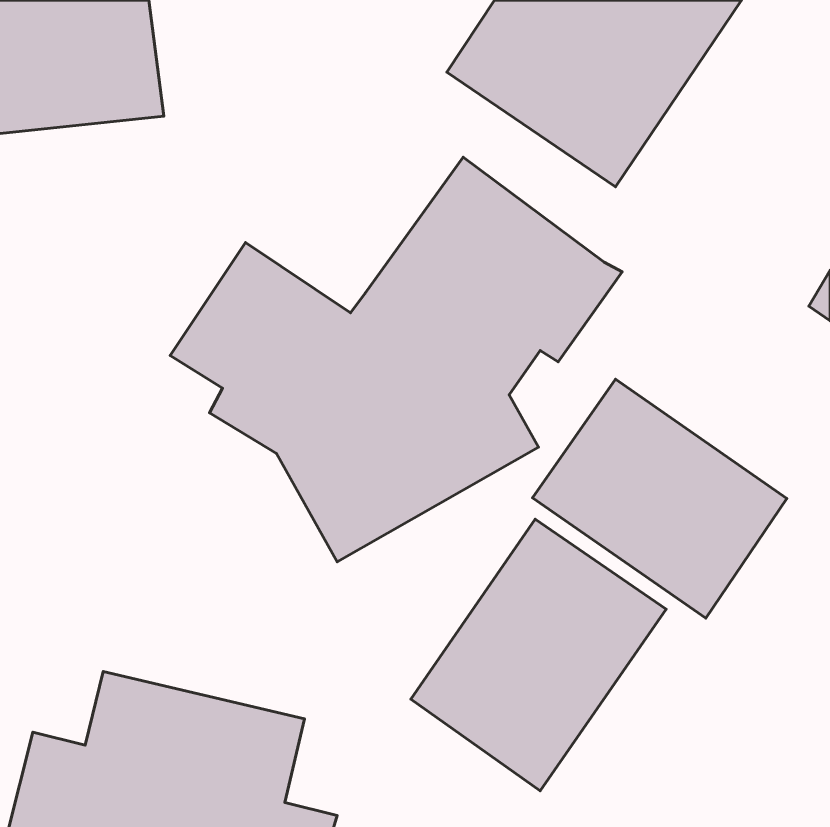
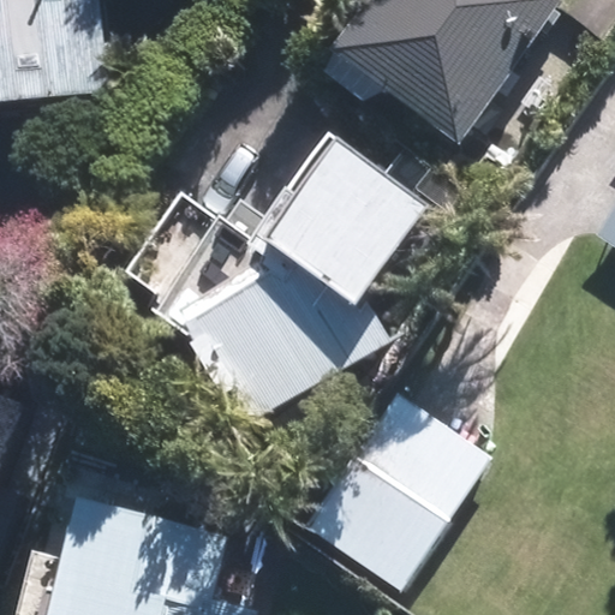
building: [532,379,787,618] -> none

